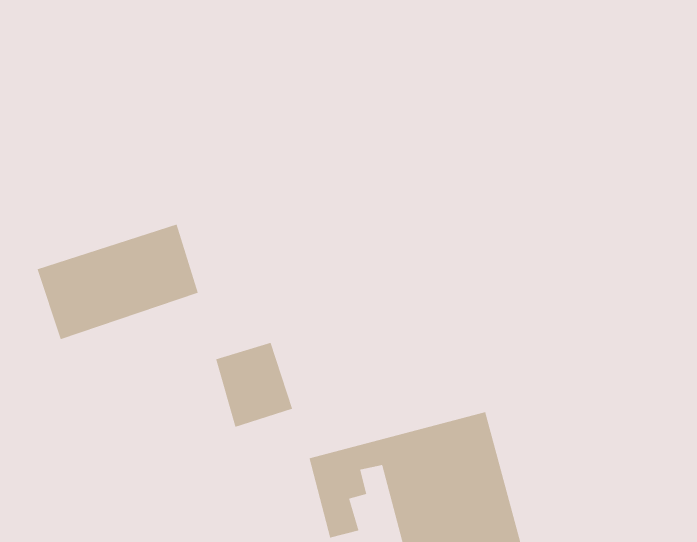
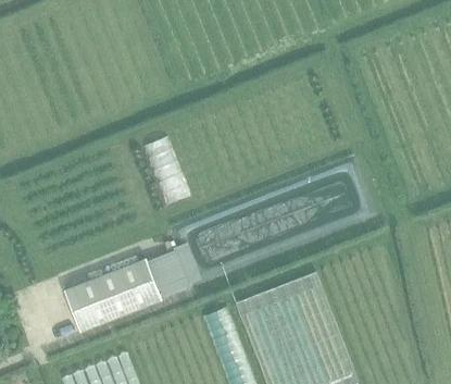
building: [37,224,199,340] -> [63,260,160,333]

